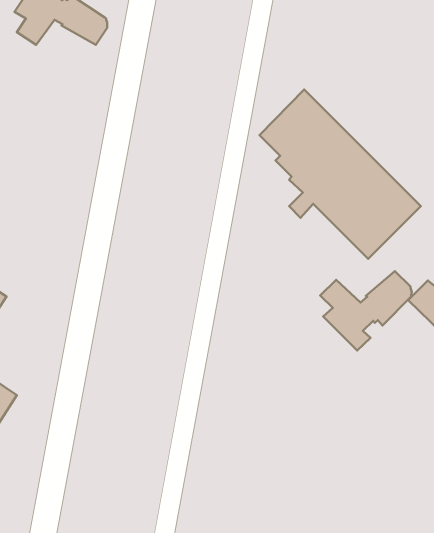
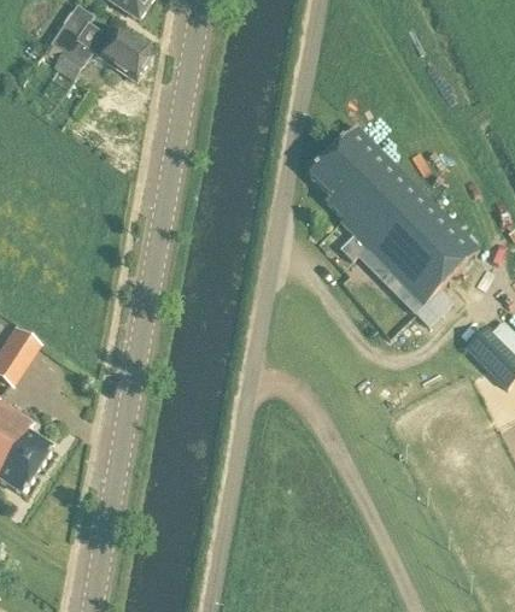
building: [320,271,412,351] -> none

